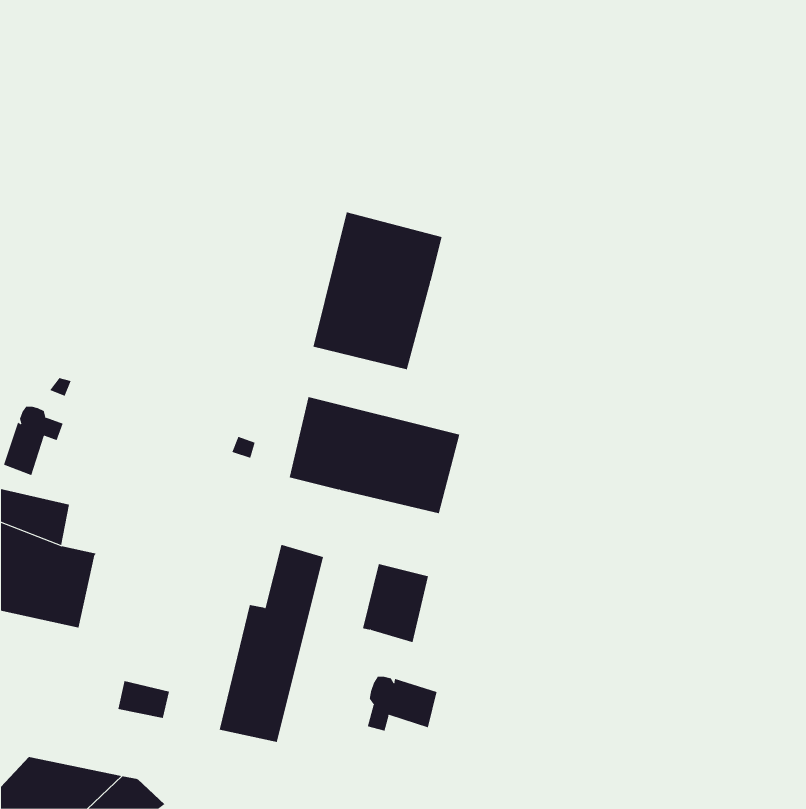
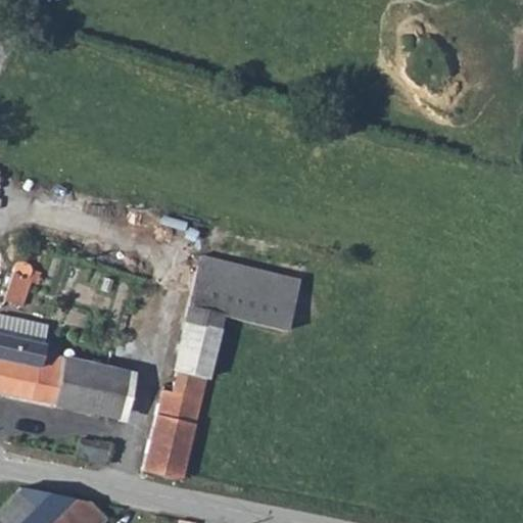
building: [313,212,442,370] -> none
building: none -> [54,358,124,417]
building: [362,563,429,643] -> [179,307,222,359]
building: [367,676,437,732] -> none

